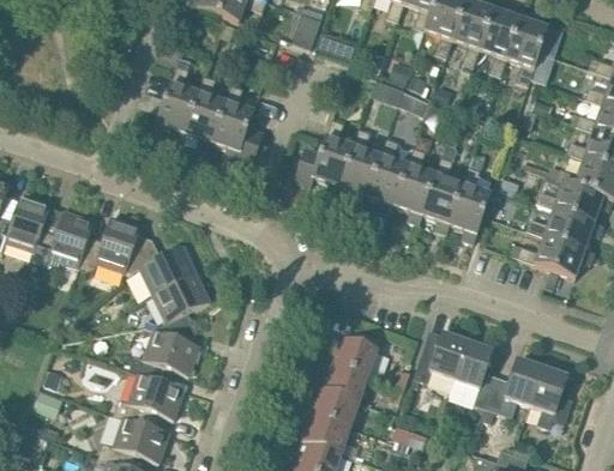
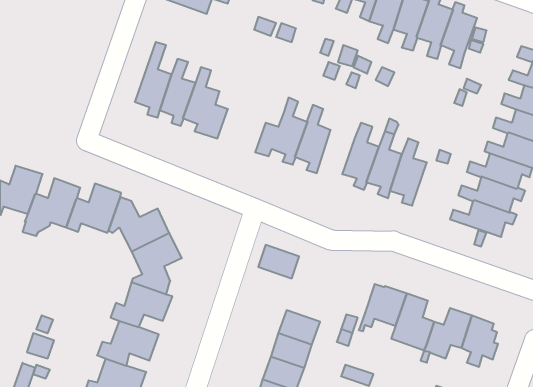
building: [367,134,408,213] -> none
building: [330,336,377,374] -> [258,245,299,278]

